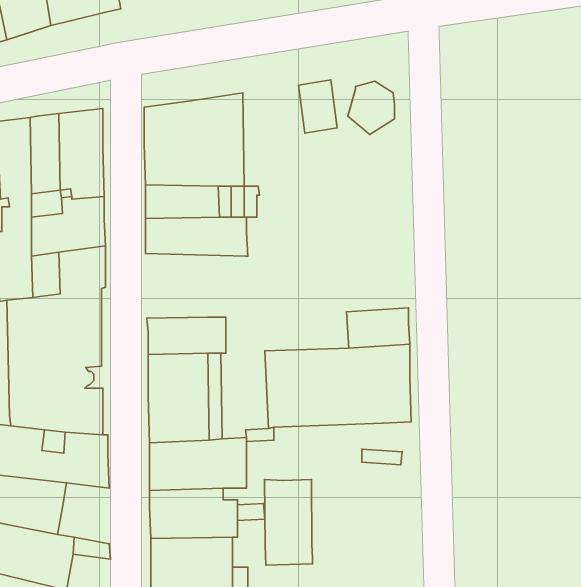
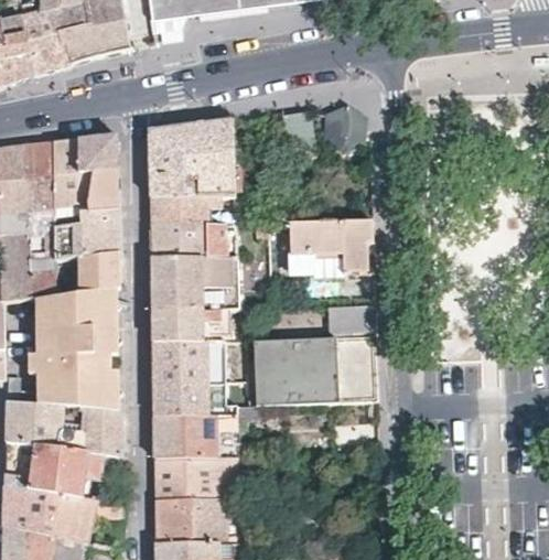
building: none -> [291,220,374,273]
building: none -> [151,257,237,312]
building: [264,479,313,565] -> none

